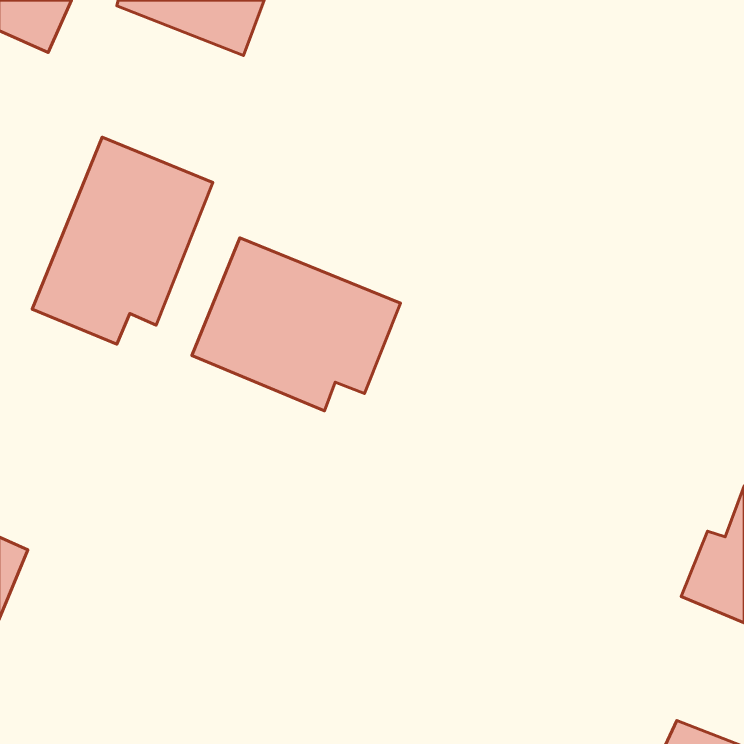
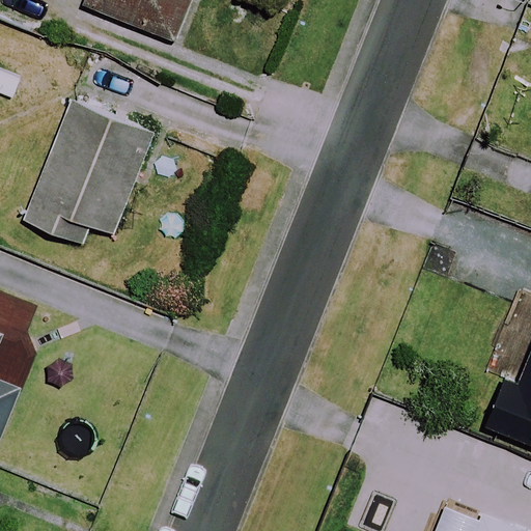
building: [192,238,401,411] -> none

